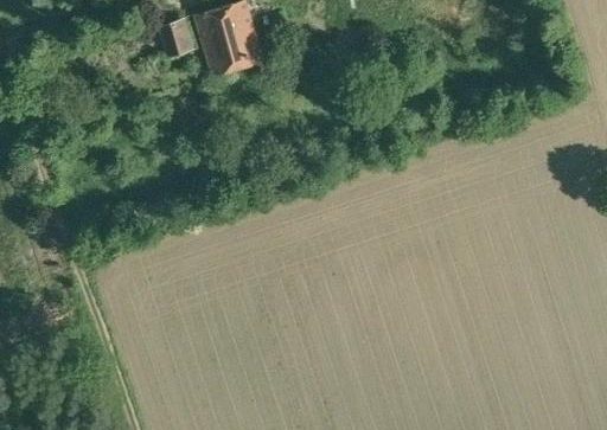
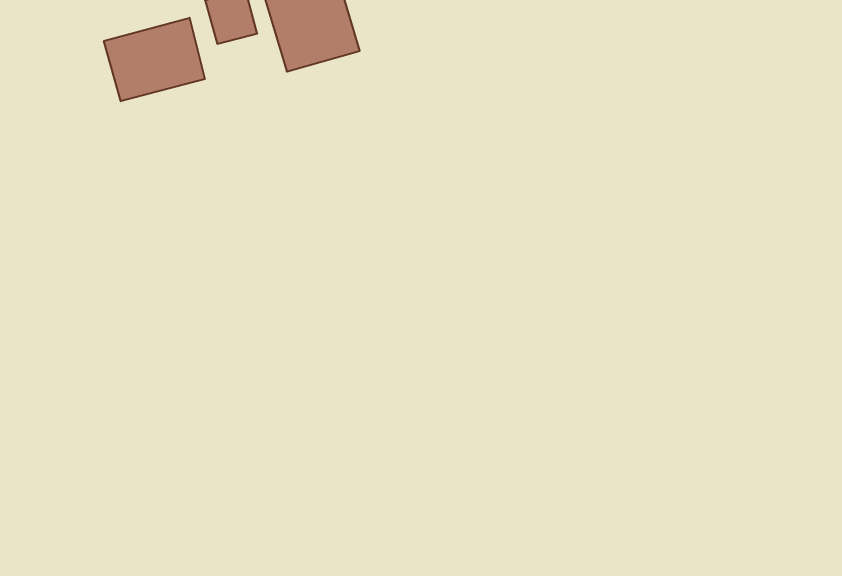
building: none -> [104,18,205,101]

